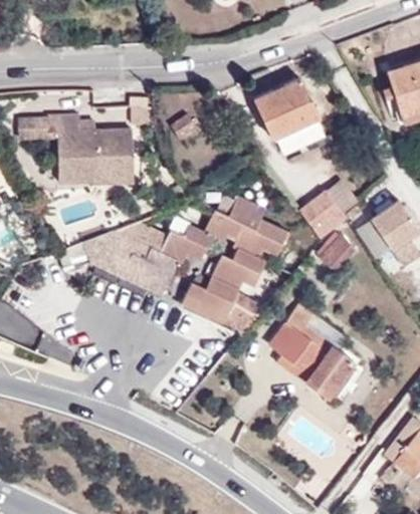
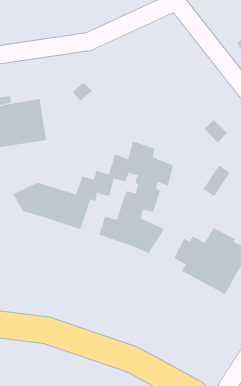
building: [255,77,317,137] -> none
building: [298,191,343,238] -> none

